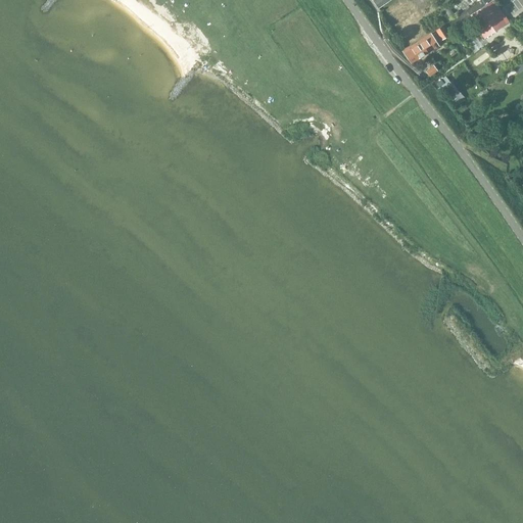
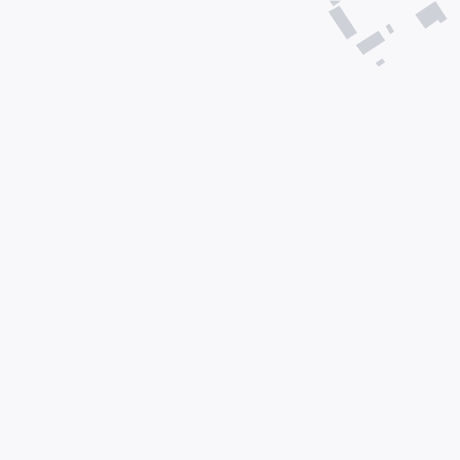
building: none -> [328,5,358,40]

